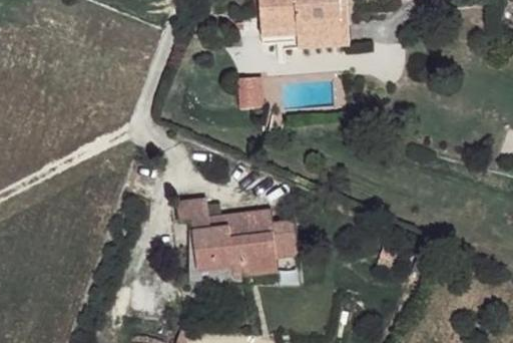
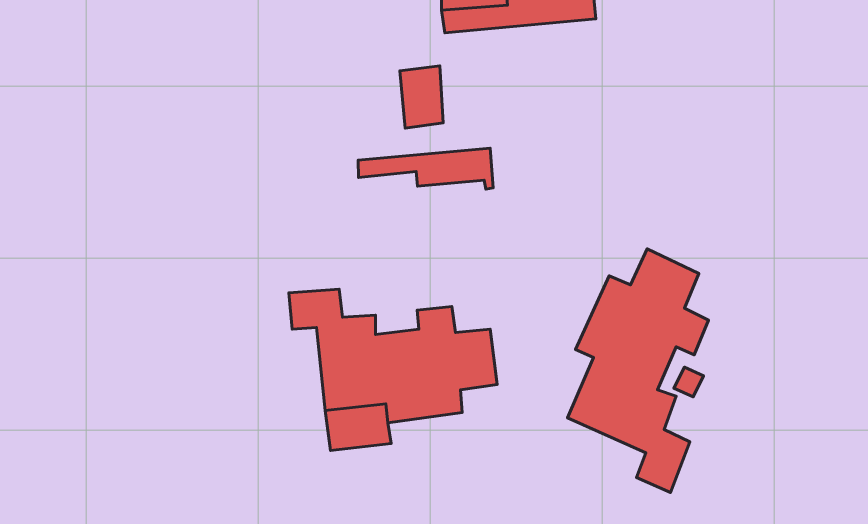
building: none -> [358,148,493,189]
building: none -> [568,249,709,493]

